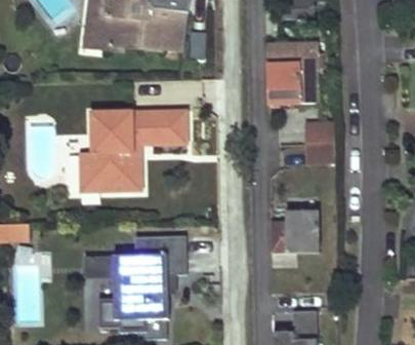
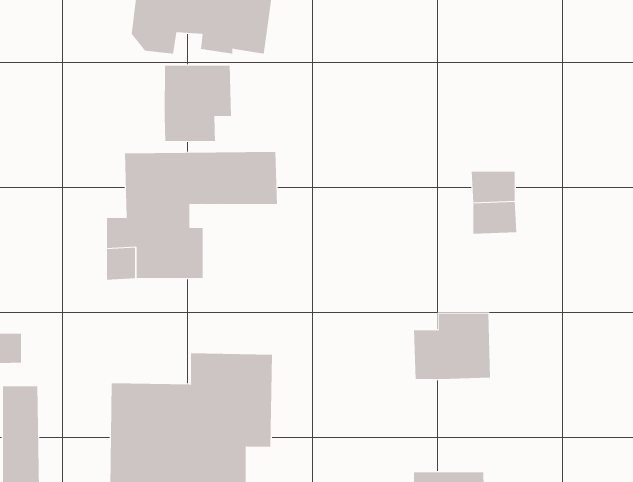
building: [267,44,318,103] -> none
building: none -> [164,65,232,142]

